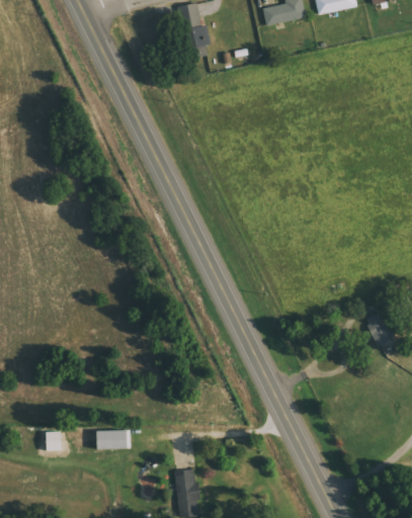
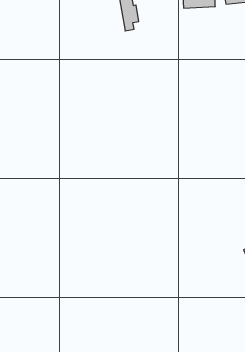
building: [96,430,130,449] -> none

